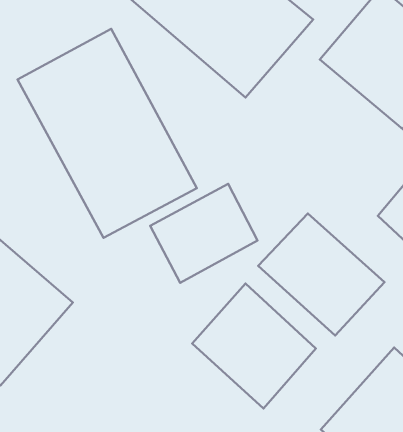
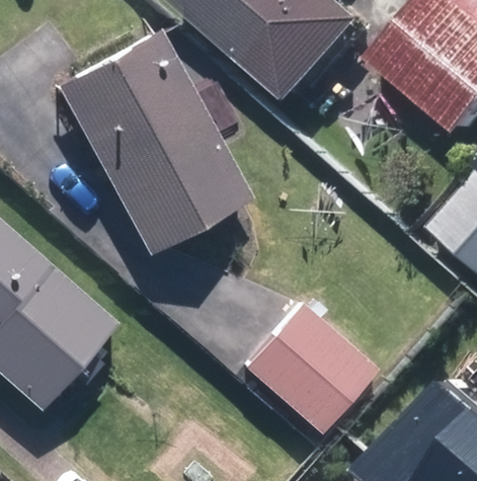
building: [150,184,257,283] -> none
building: [258,214,385,336] -> none

